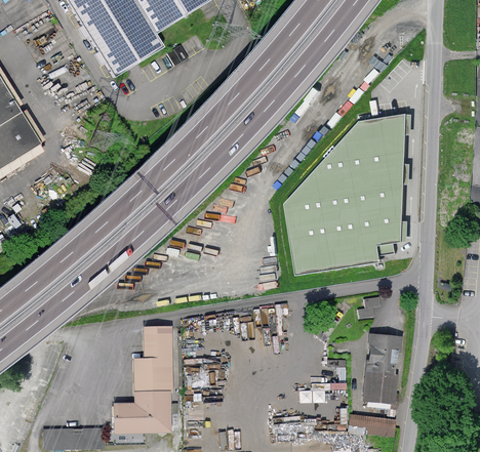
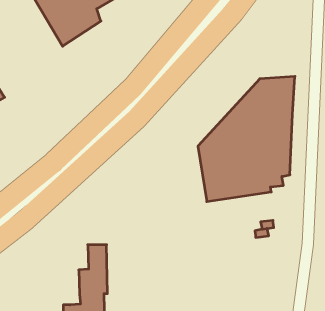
building: [364,334,399,402] -> none

